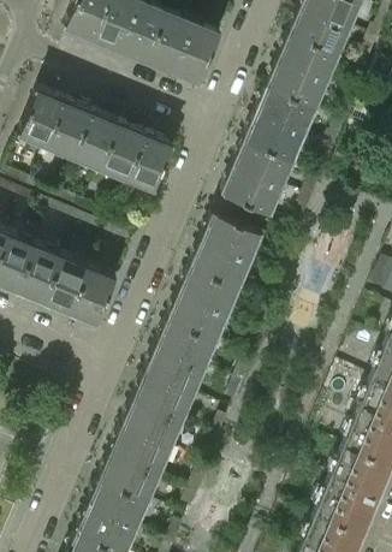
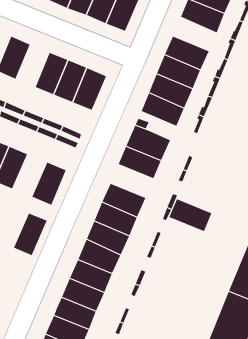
building: [267,63,329,111] -> none
building: [47,101,94,161] -> none
building: [42,255,90,315] -> [13,213,47,256]
building: [179,269,240,316] -> [169,198,212,232]

